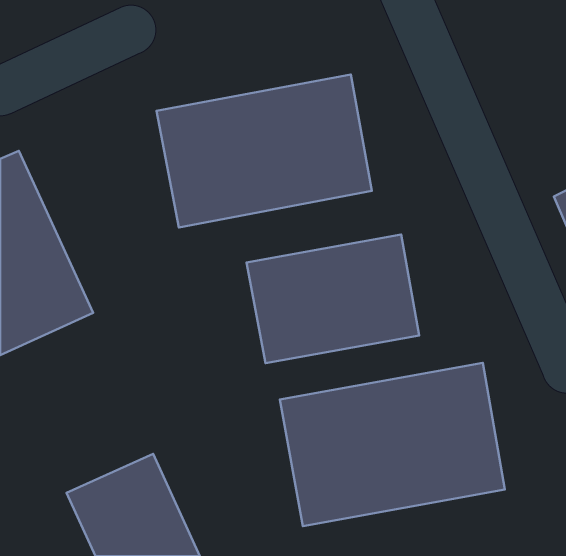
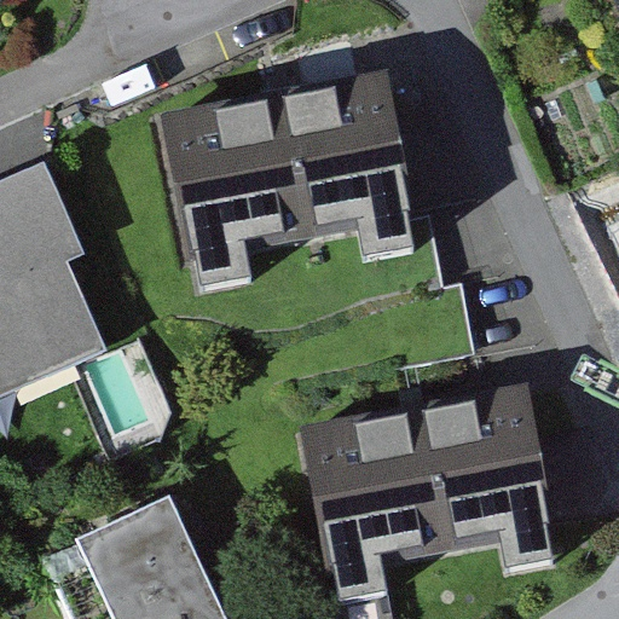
building: [247,235,419,363] -> none

